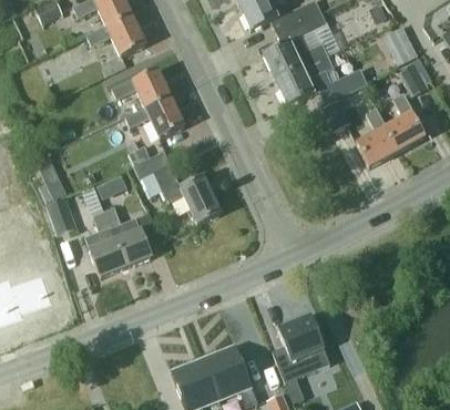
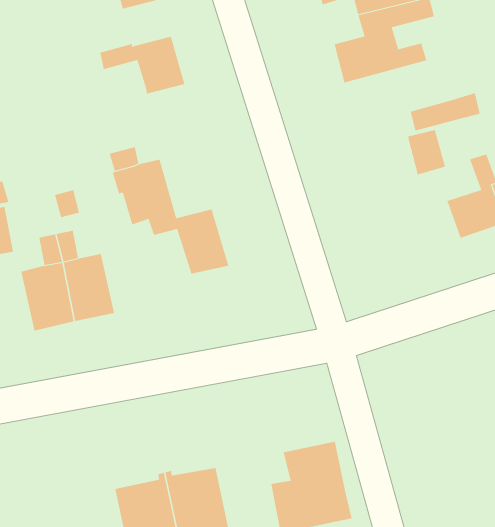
building: [274,54,333,105] -> none
building: [123,98,183,137] -> none

